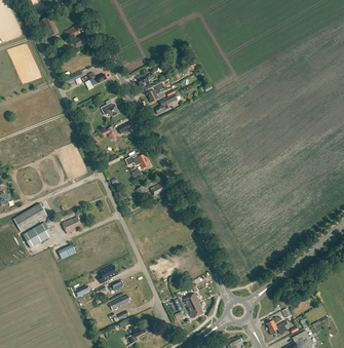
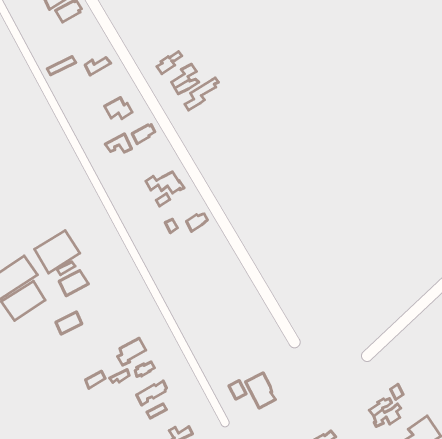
building: none -> [35,231,80,273]

